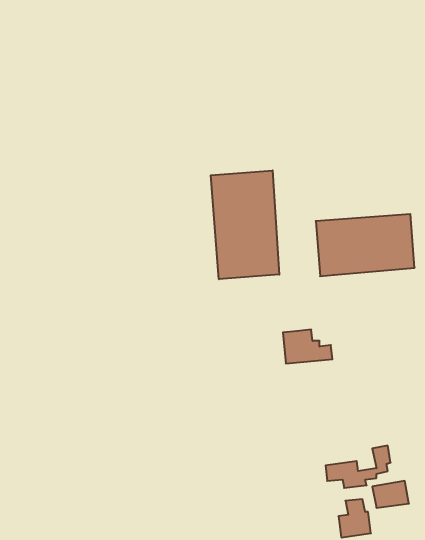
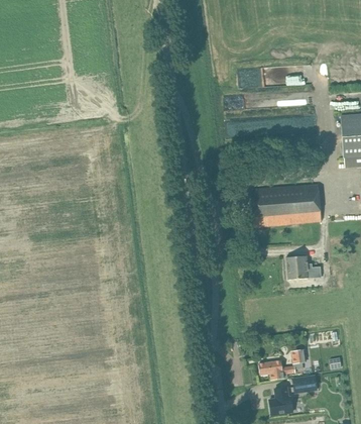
building: [211,170,279,279] -> none
building: [283,330,332,363] -> [286,254,322,279]

